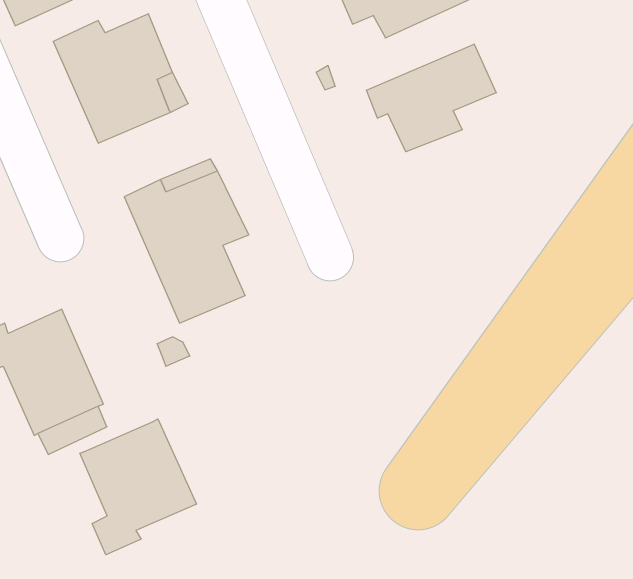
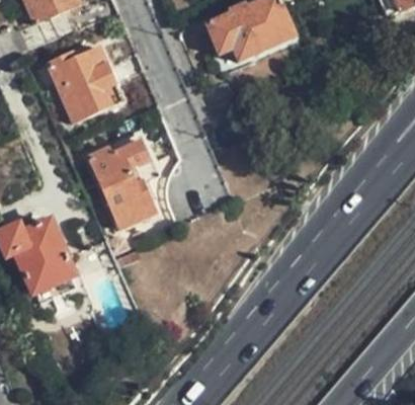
building: [367,44,496,152] -> none
building: [80,419,197,555] -> none

